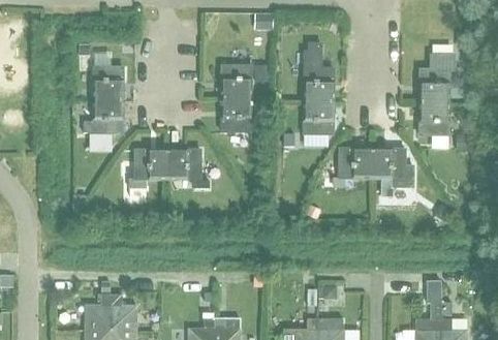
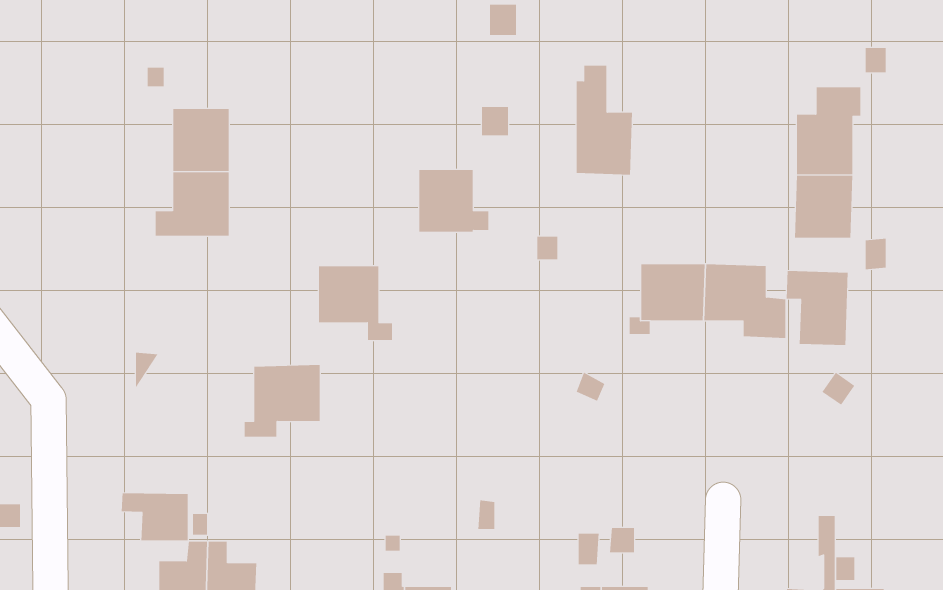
building: [221,65,250,98] -> none
building: [303,100,333,134] -> none
building: [128,149,168,187] -> [244,364,321,437]
building: none -> [786,270,848,346]
building: none -> [121,493,188,541]

